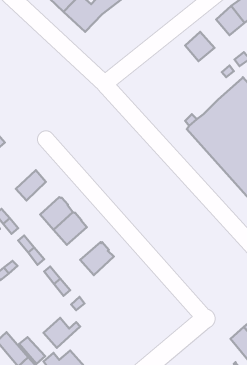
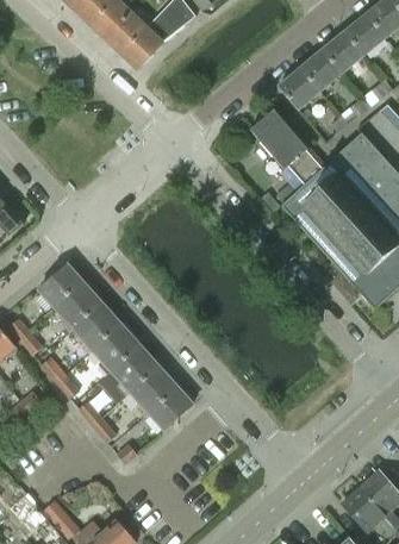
building: none -> [300,50,342,90]
building: none -> [250,110,325,185]
building: none -> [54,281,100,327]
building: none -> [98,345,158,402]
building: none -> [149,387,192,430]
building: [44,318,80,348] -> none

